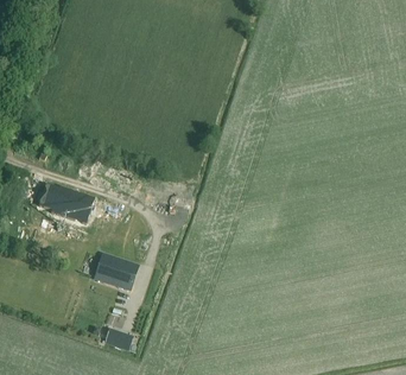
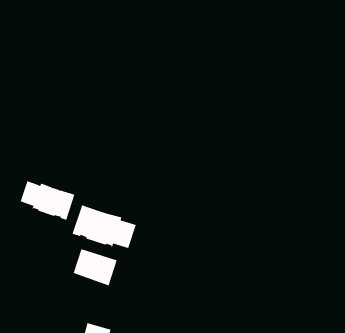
building: none -> [72,205,136,249]

